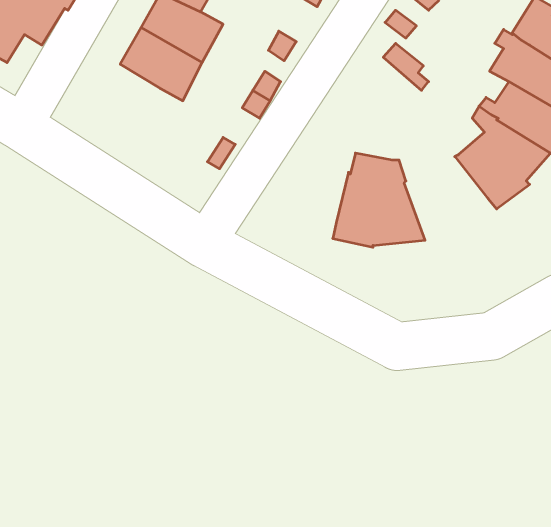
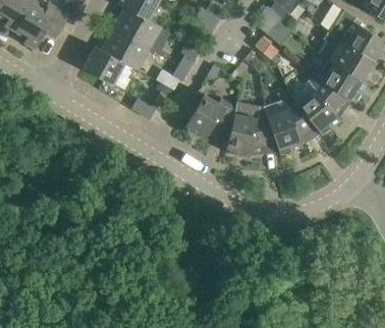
building: none -> [84,46,125,85]
building: none -> [182,94,239,142]
building: none -> [268,99,317,153]

